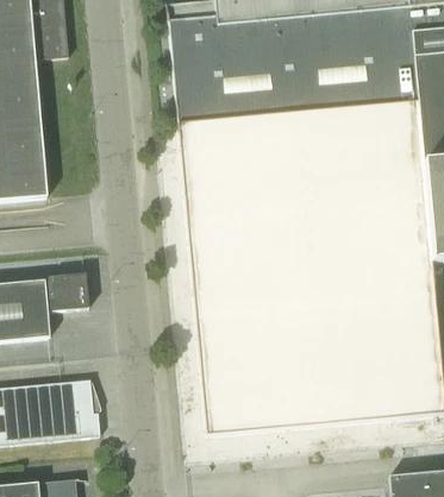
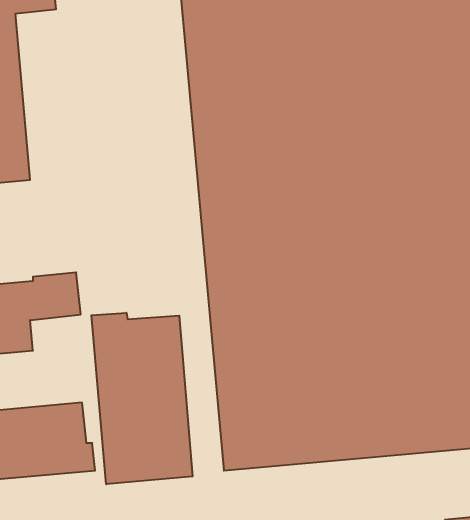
building: none -> [91,313,193,484]

